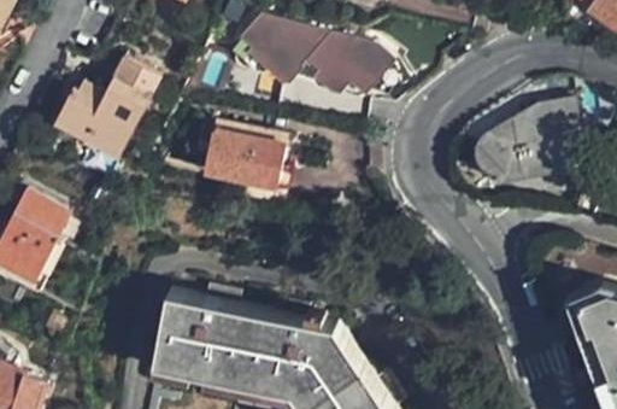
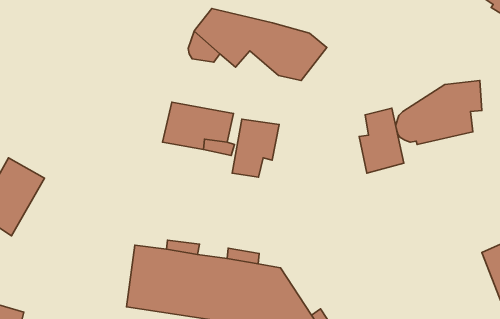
building: [51,57,159,163] -> none
building: none -> [359,108,404,173]
building: none -> [232,119,279,177]

